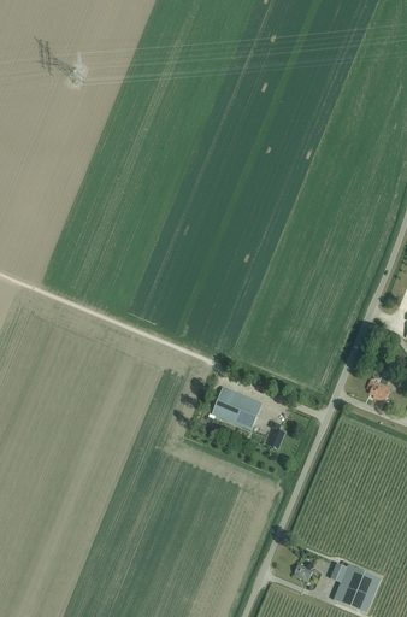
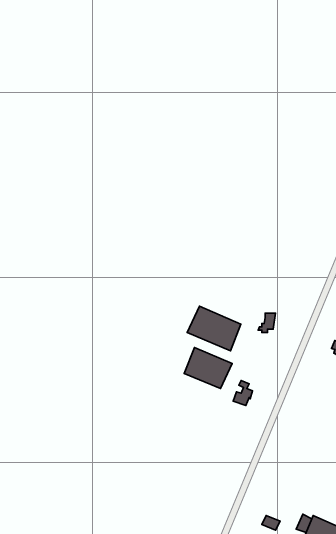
building: none -> [187,306,241,351]

